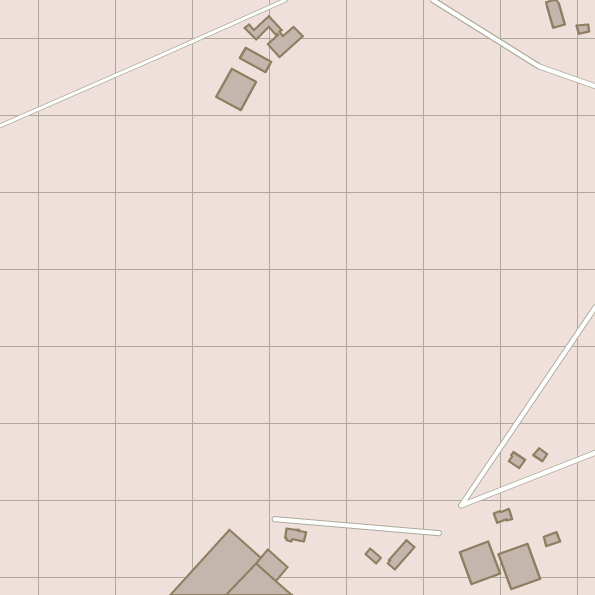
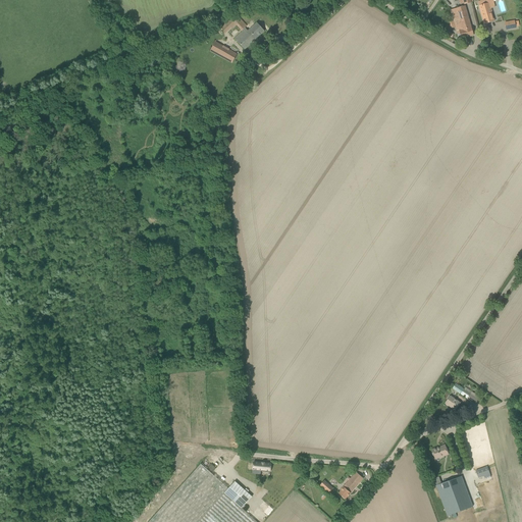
building: none -> [451,6,473,39]
building: [216,69,256,110] -> none
building: [460,541,500,584] -> none

